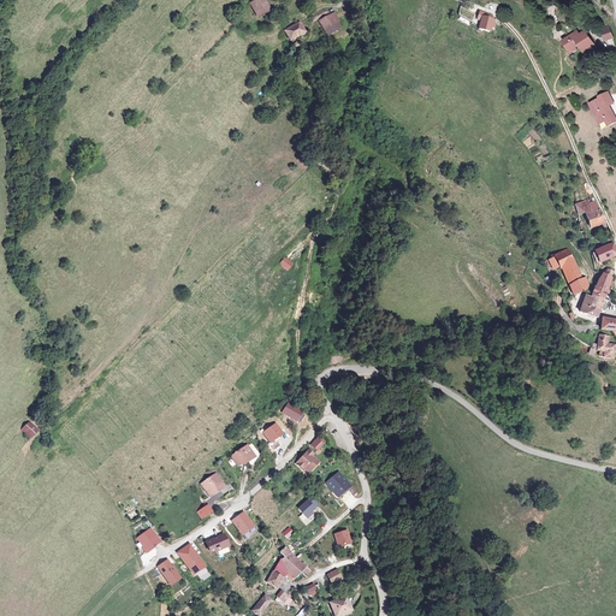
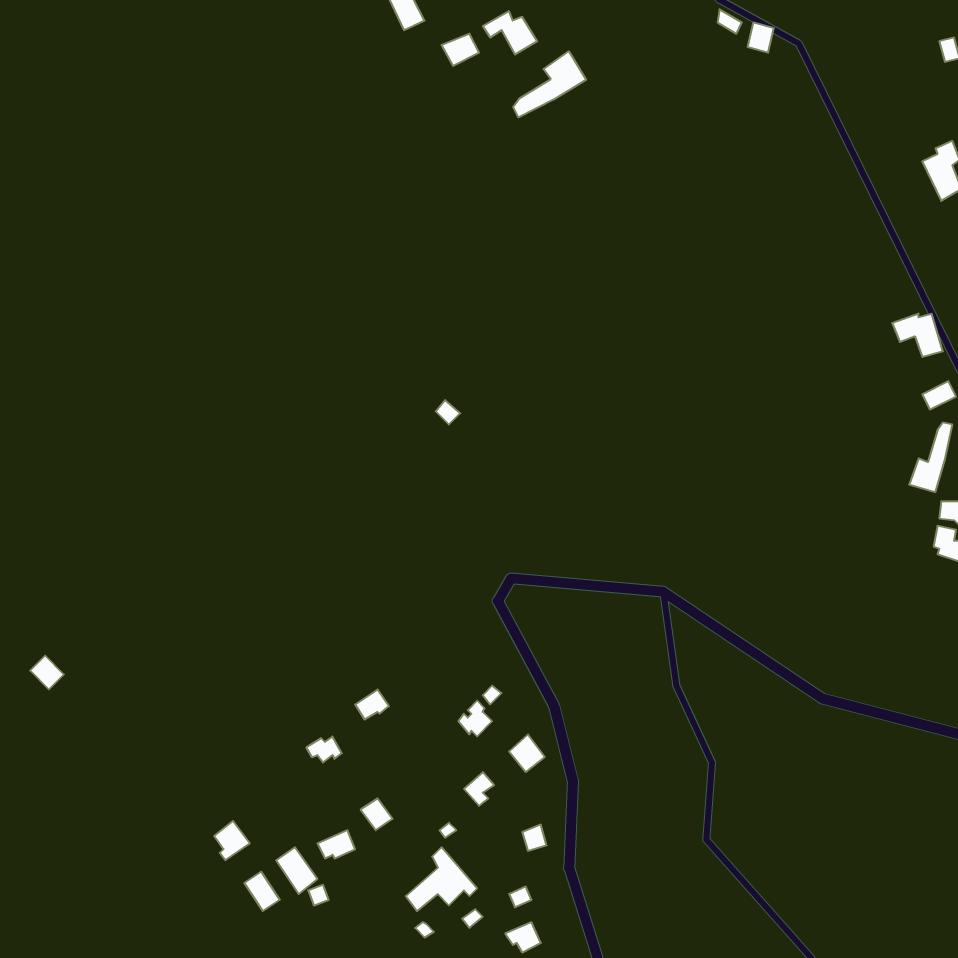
building: [563,30,599,57] -> none
building: none -> [513,51,586,117]
building: [556,251,594,295] -> none

